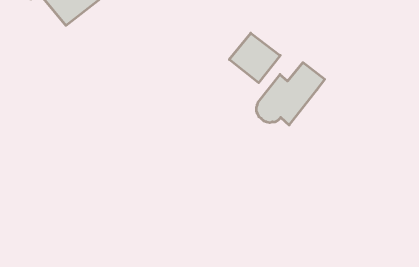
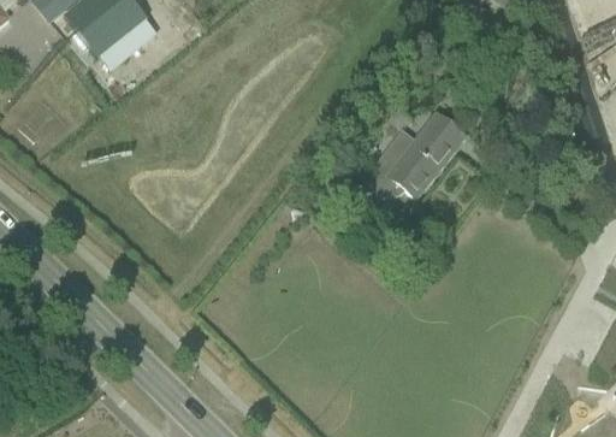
building: [229,33,280,83] -> none

